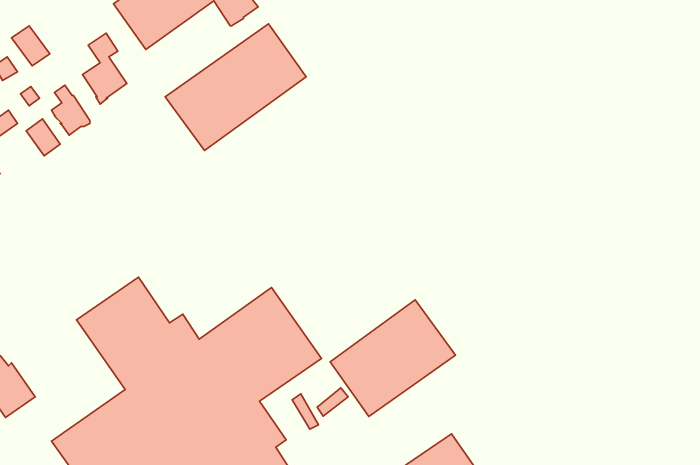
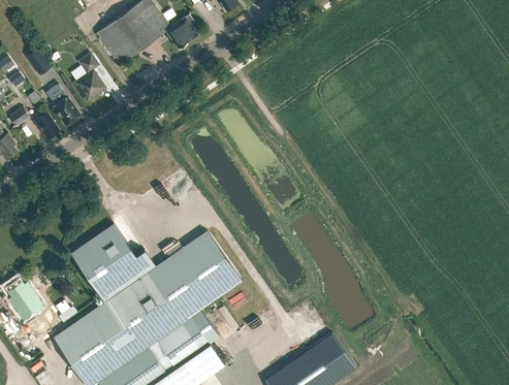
building: [165,24,306,151] -> none
building: [330,300,455,416] -> none

